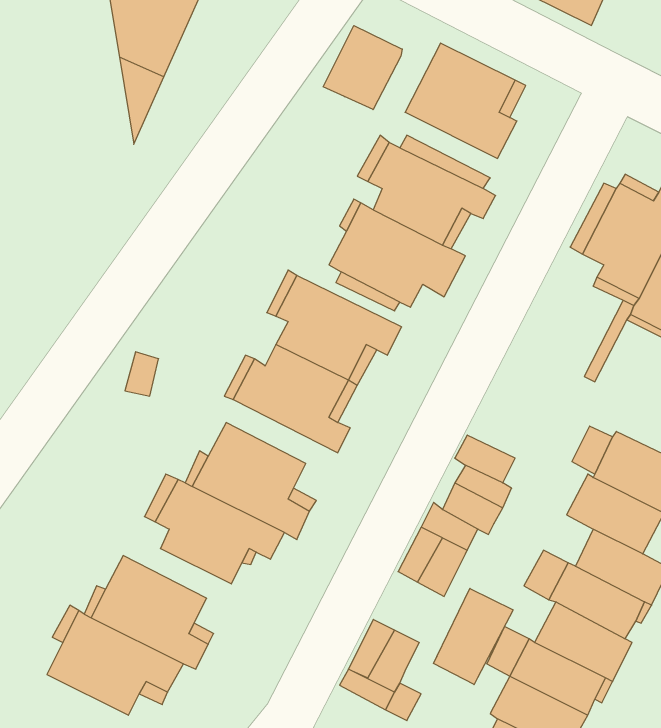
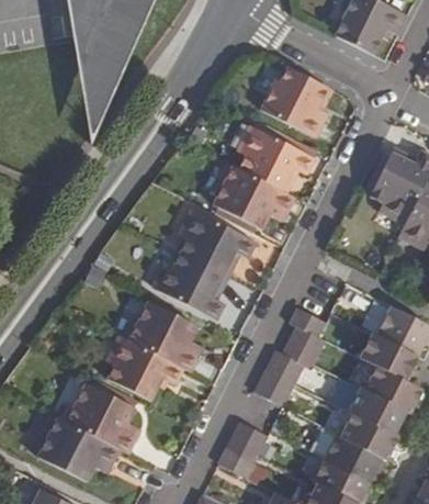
building: [323,26,402,110] -> none
building: [433,588,513,685] -> none

